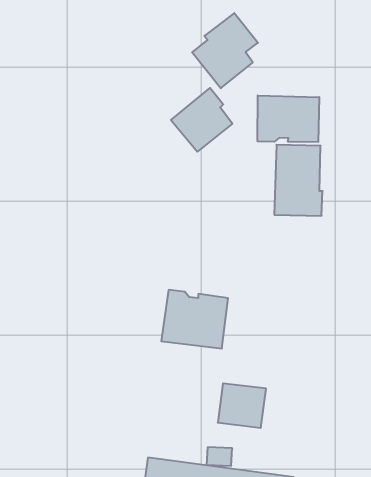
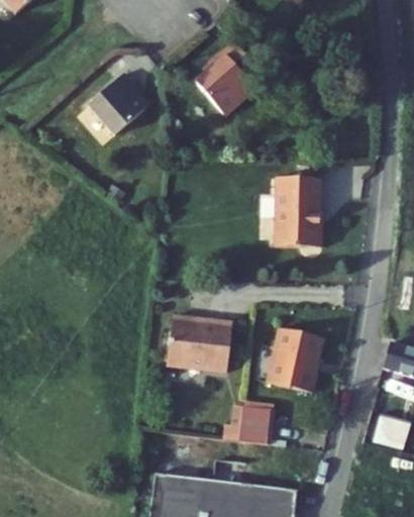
building: [171,88,232,152] -> [86,73,146,135]
building: [258,95,319,142] -> none
building: none -> [269,330,322,394]

